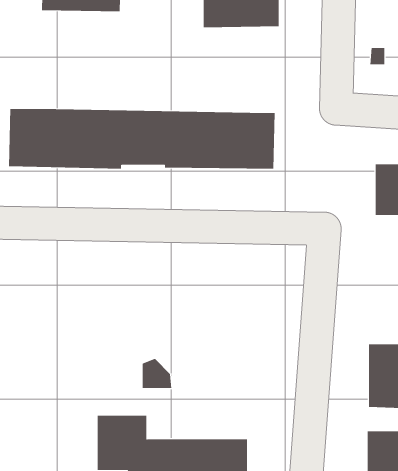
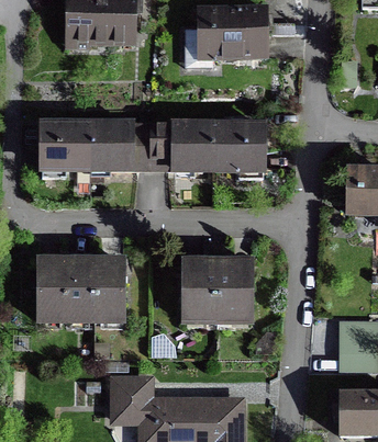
building: none -> [40,257,123,320]
building: none -> [185,258,251,320]

